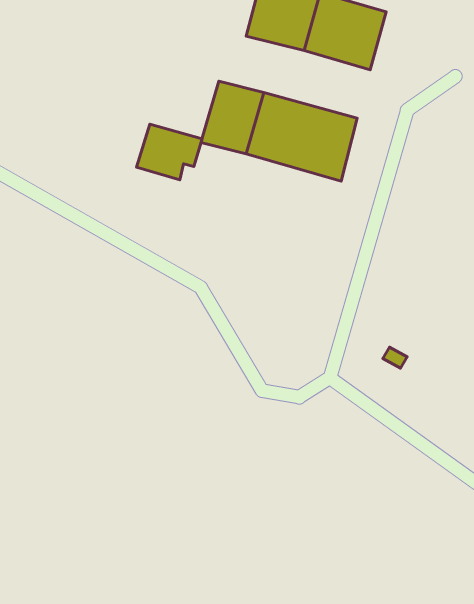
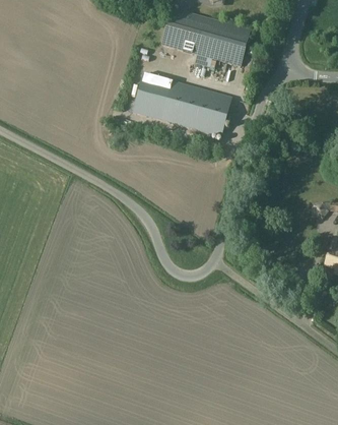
building: [137,124,202,180] -> none

